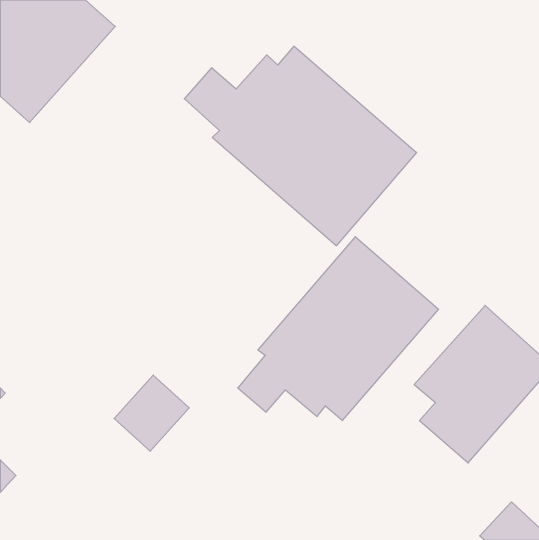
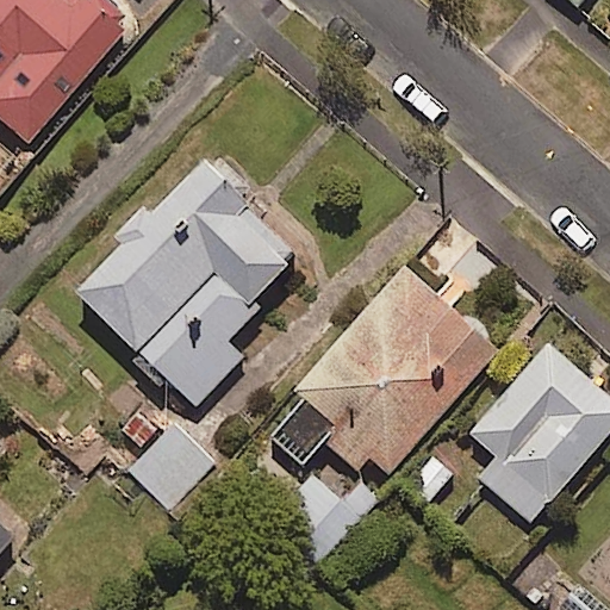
building: [184,46,417,246] -> none
building: none -> [74,151,293,407]

